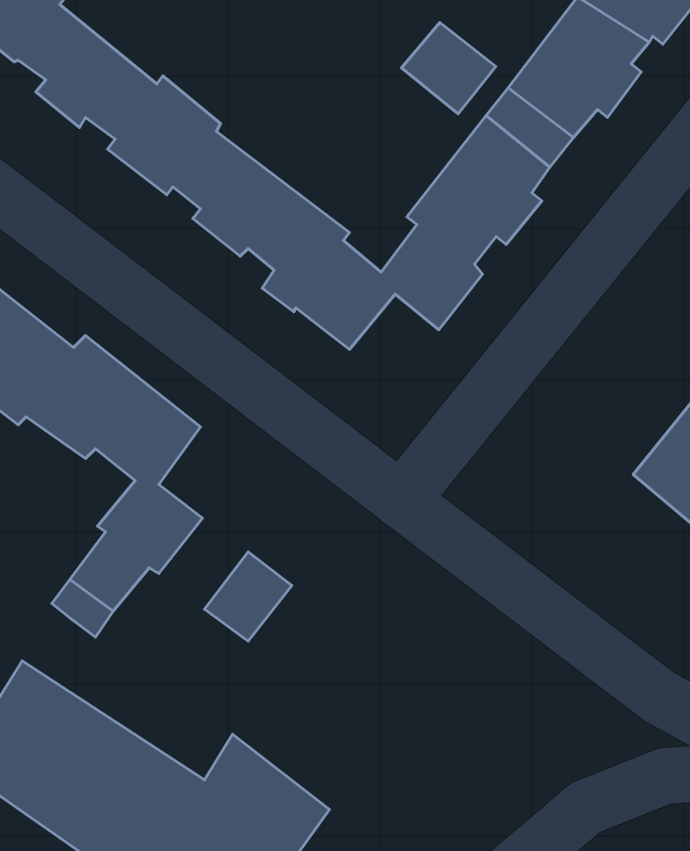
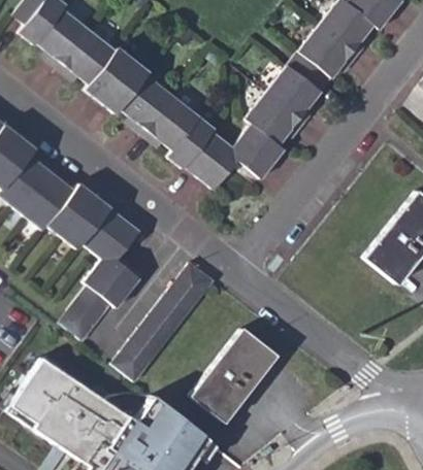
building: [402,23,496,114] -> none
building: none -> [163,262,213,313]
building: none -> [112,326,163,379]
building: none -> [190,327,274,419]

